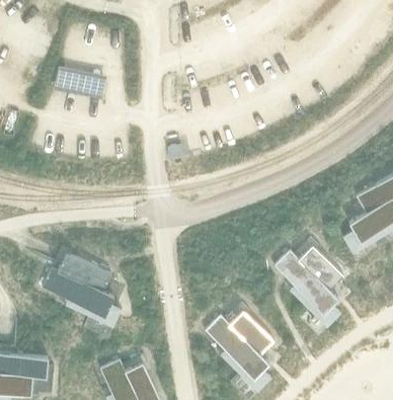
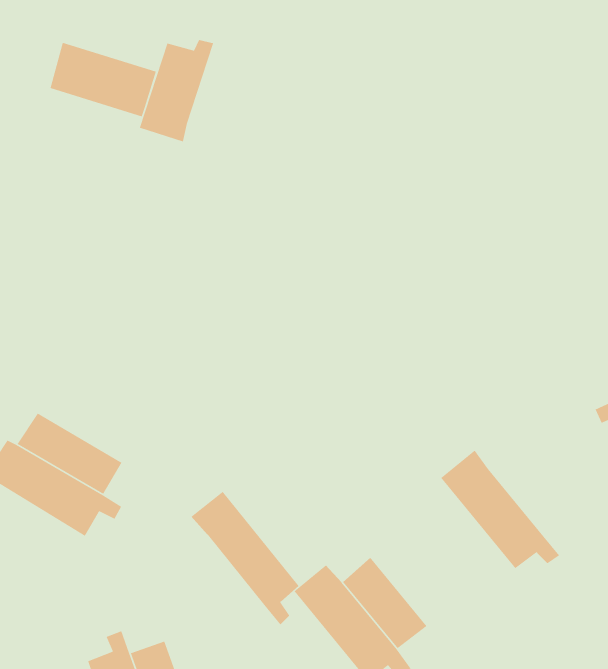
building: none -> [139,39,214,142]
building: [299,248,344,293] -> none
building: none -> [191,491,299,625]

